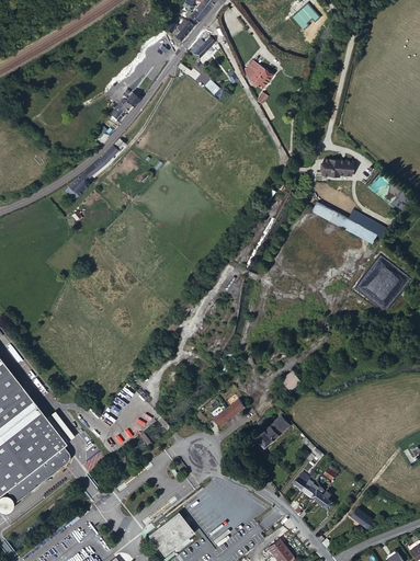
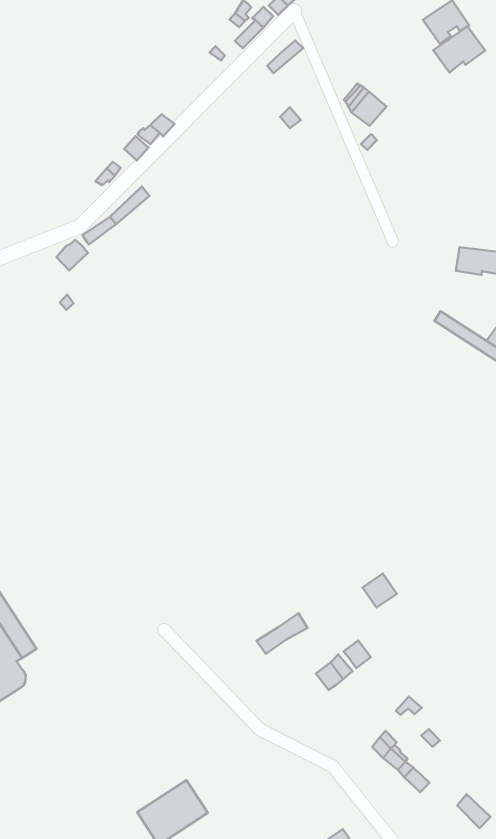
building: none -> [433,26,485,72]

